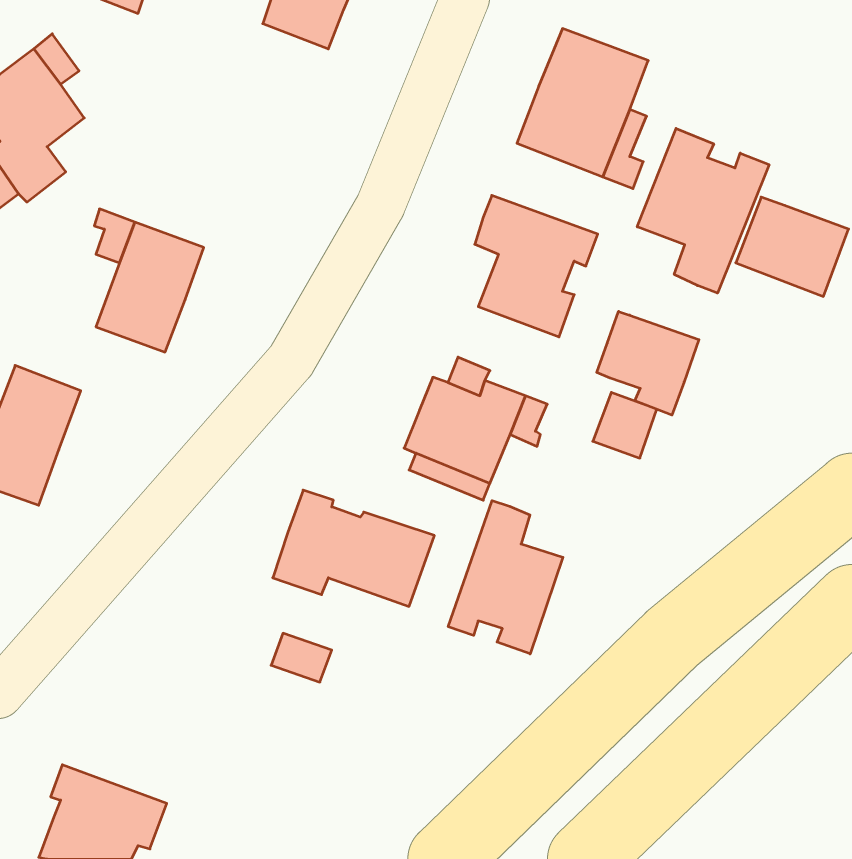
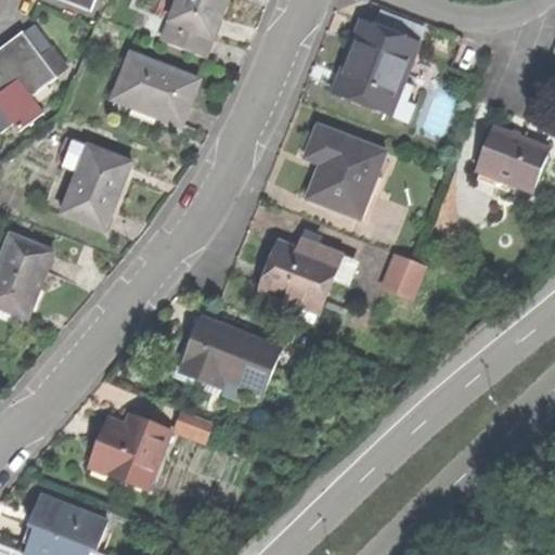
building: none -> [162,15,211,52]
building: none -> [109,52,194,130]
building: [637,128,769,293] -> none
building: [597,311,699,415] -> none
building: [448,501,563,654] -> none
building: none -> [91,412,169,487]

